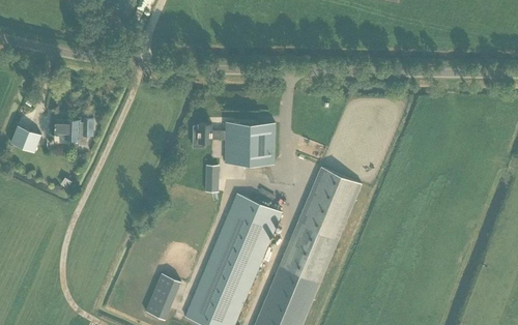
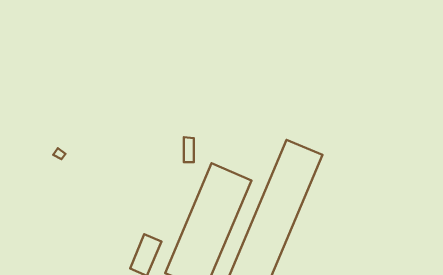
building: [56,118,92,146] -> none
building: [193,122,276,164] -> none
building: [10,124,41,151] -> none

